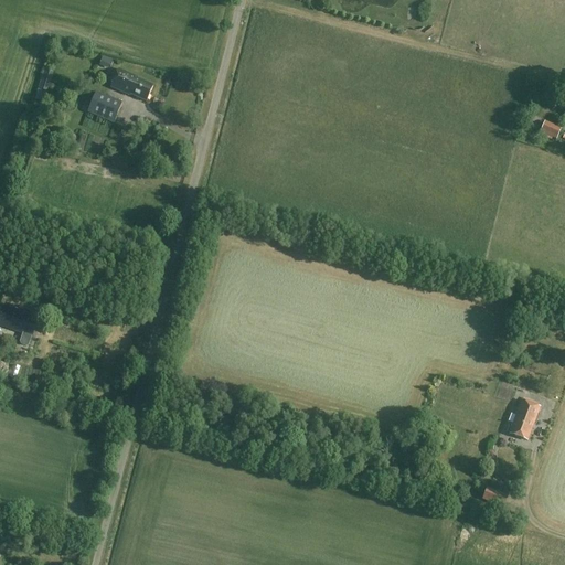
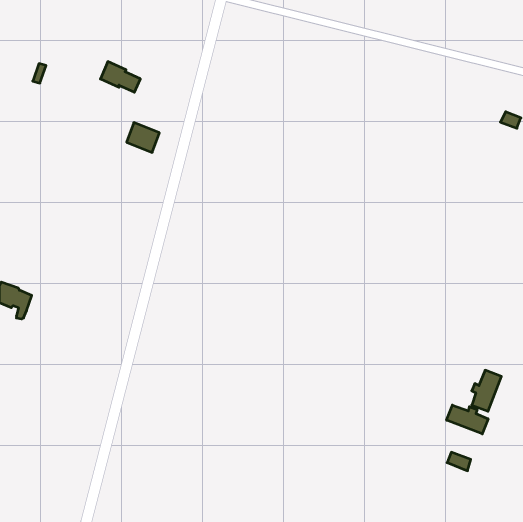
building: [86,90,121,122] -> [127,123,159,152]
building: none -> [447,405,488,434]

